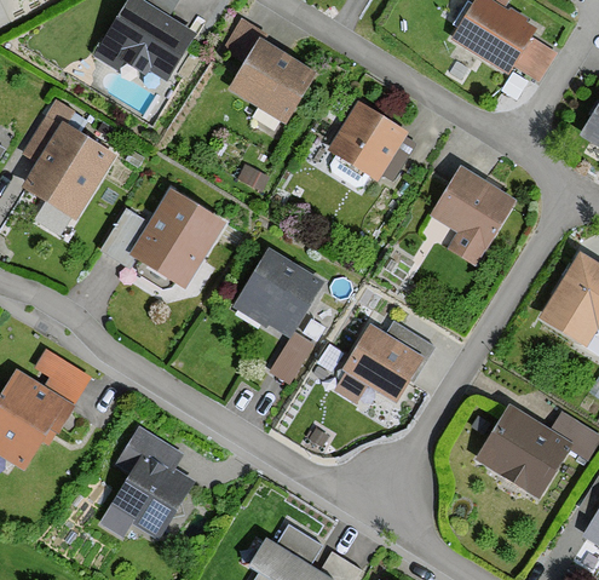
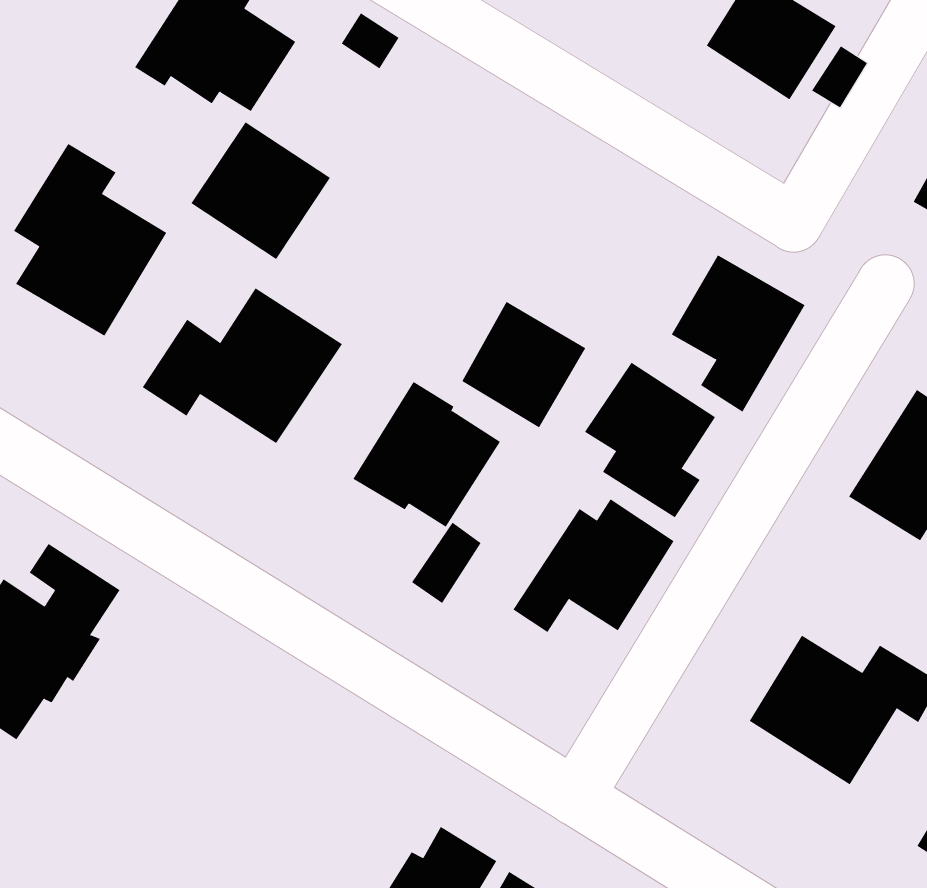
building: [229,39,316,125] -> [190,121,331,260]
building: [328,101,405,179] -> [461,301,586,428]
building: none -> [584,362,716,518]
building: [99,425,195,541] -> none

